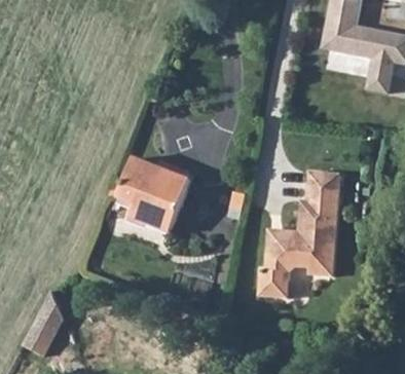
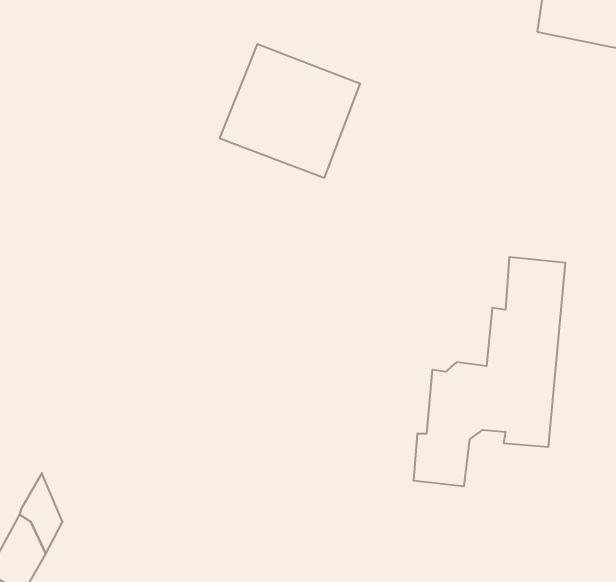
building: [115,159,192,232] -> [220,44,360,178]

